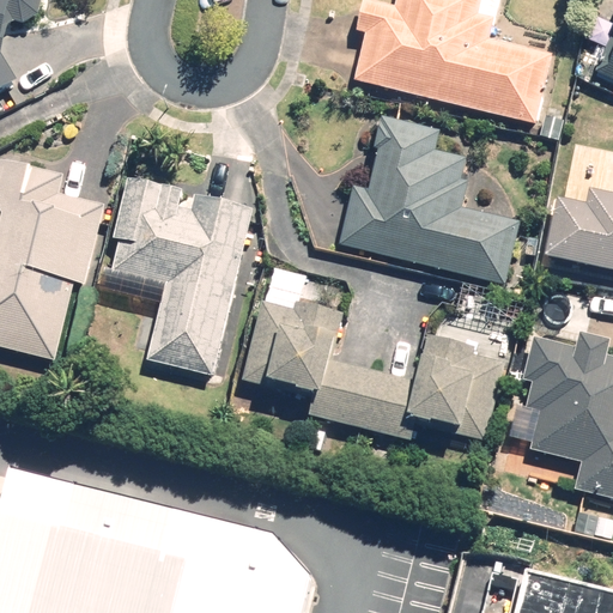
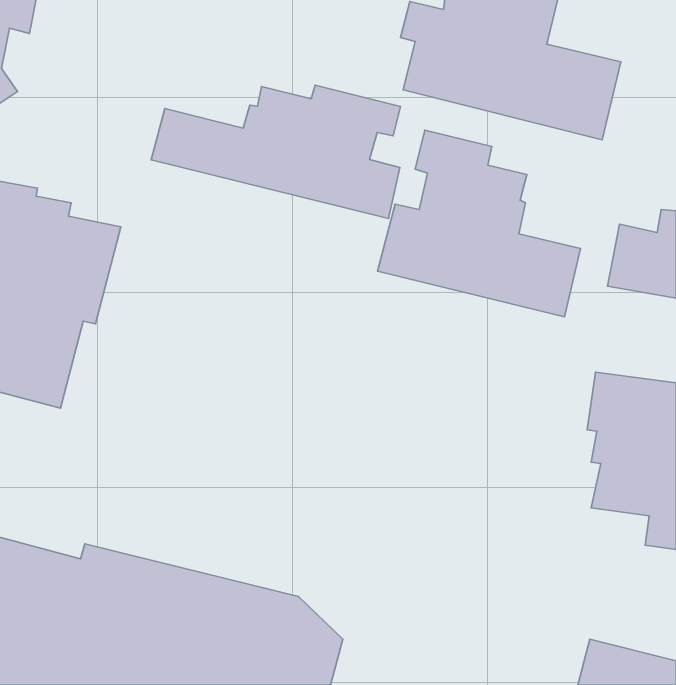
building: none -> [151,85,400,219]
building: [104,177,253,382] -> none
building: [239,290,515,442] -> none

